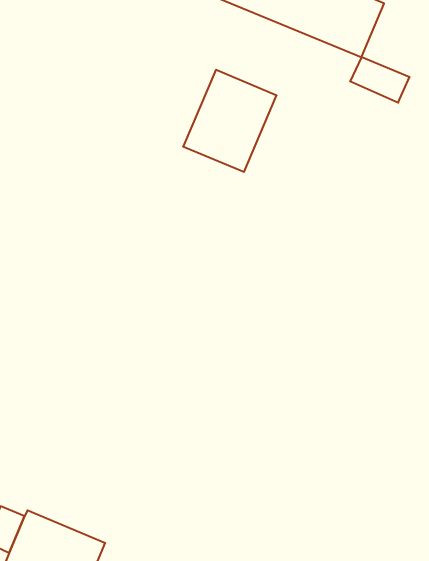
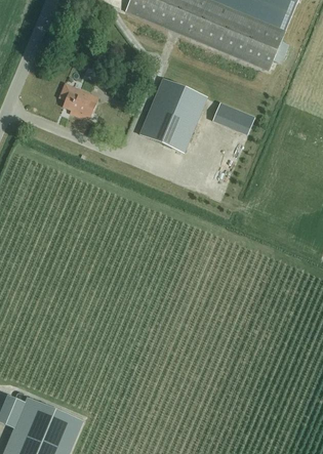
building: [350,57,410,103] -> [212,101,255,134]
building: none -> [59,83,98,120]

